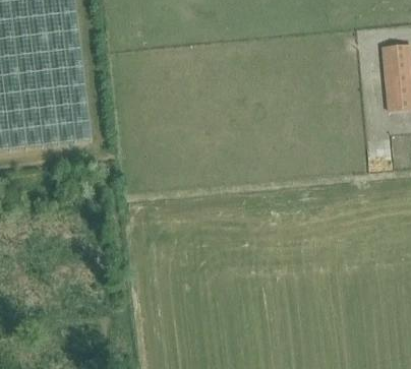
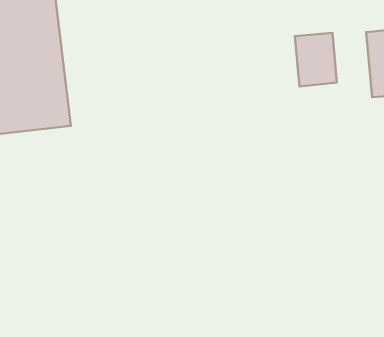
building: none -> [295,33,337,87]

